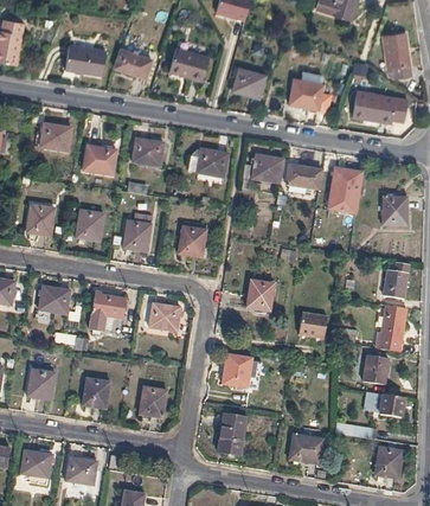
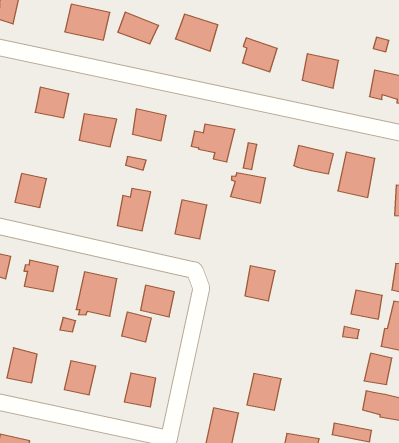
building: [251,155,283,182] -> [230,173,266,203]
building: [76,211,103,242] -> none
building: [299,312,327,338] -> [351,290,382,319]
building: none -> [122,312,151,342]
building: [222,354,252,387] -> [247,374,281,410]

